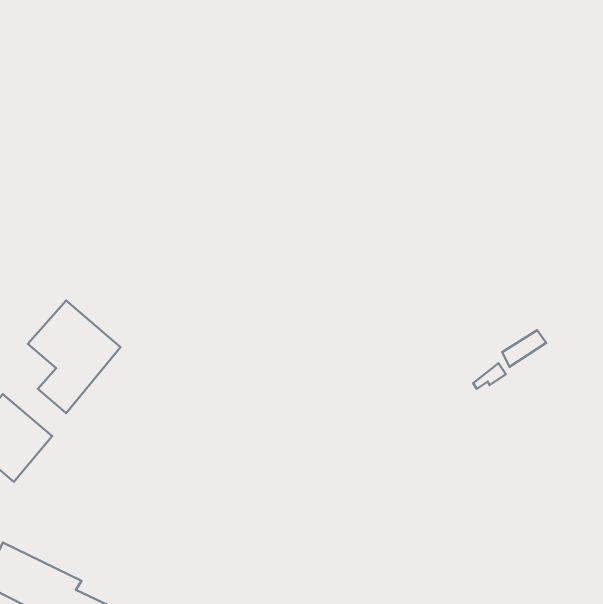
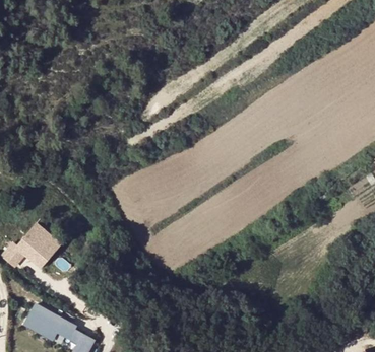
building: [28,300,120,413] -> none

